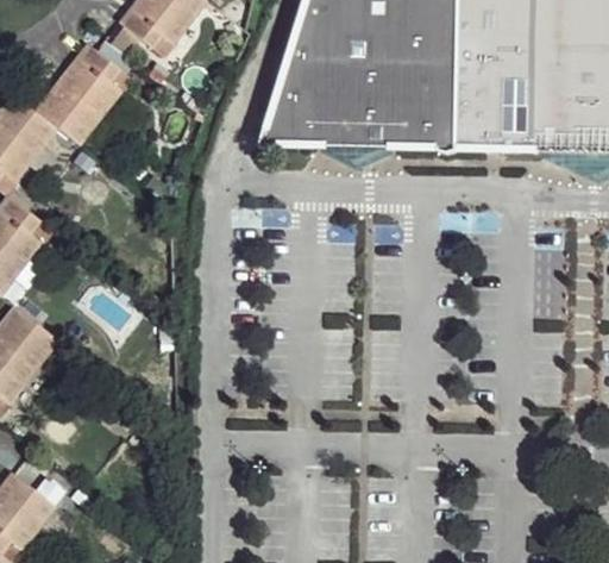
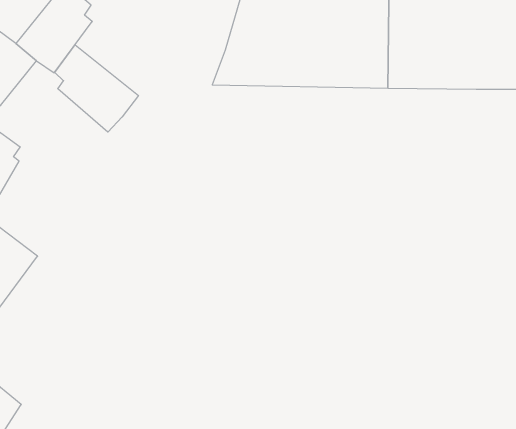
building: none -> [55,45,138,132]

